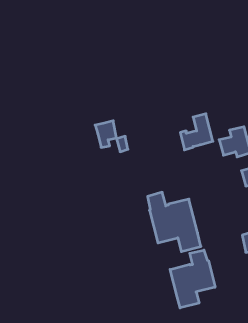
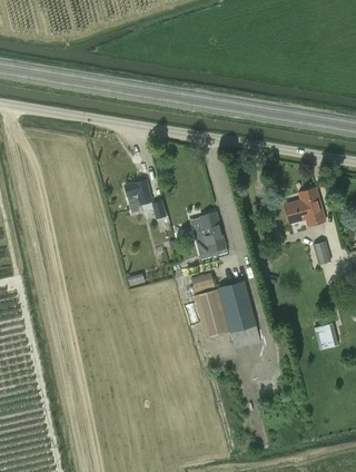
building: [180,114,213,150] -> [184,212,226,258]
building: [170,250,215,308] -> none

